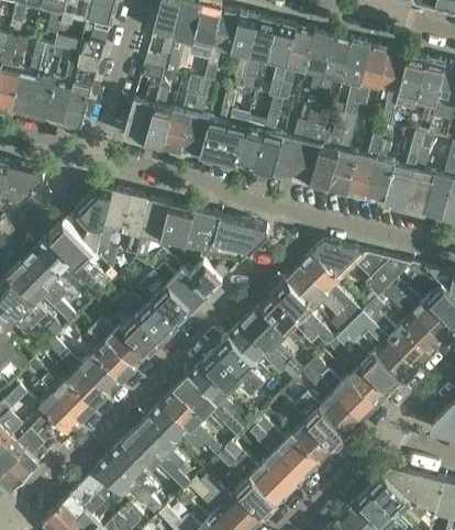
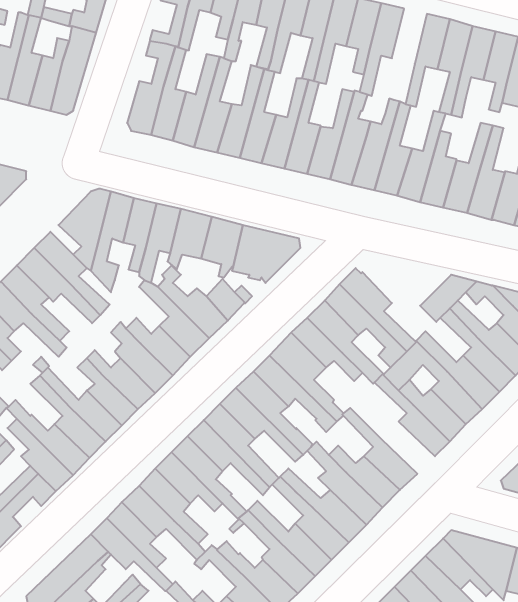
building: [342,41,370,119] -> none
building: [312,243,390,281] -> none
building: [308,358,377,421] -> none

